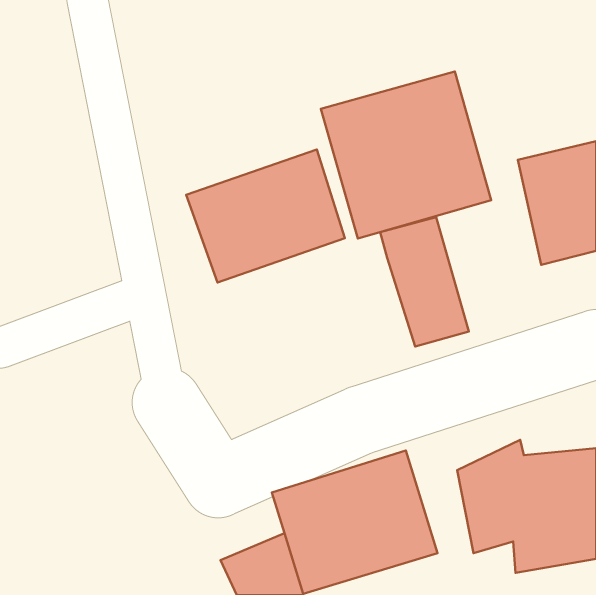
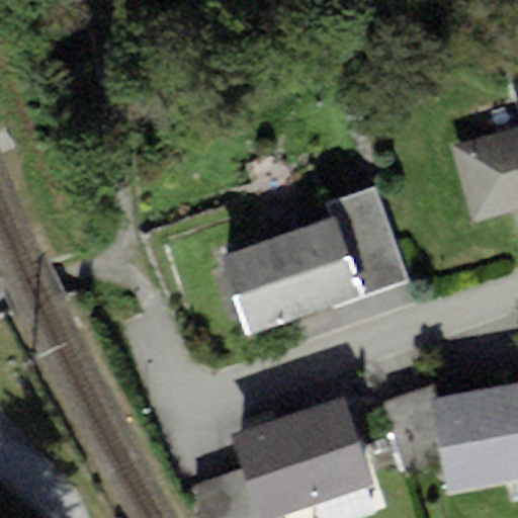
building: [321,72,491,239] -> none
building: [186,149,345,282] -> [223,224,360,339]

